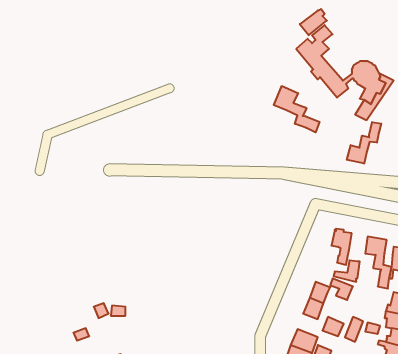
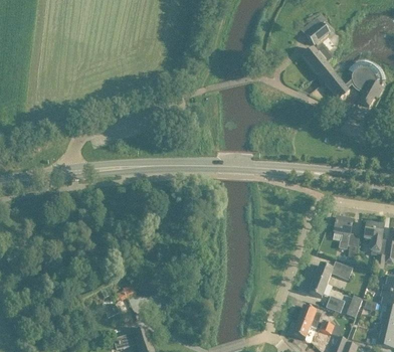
building: [274,86,320,132] -> none
building: [347,122,381,164] -> none

